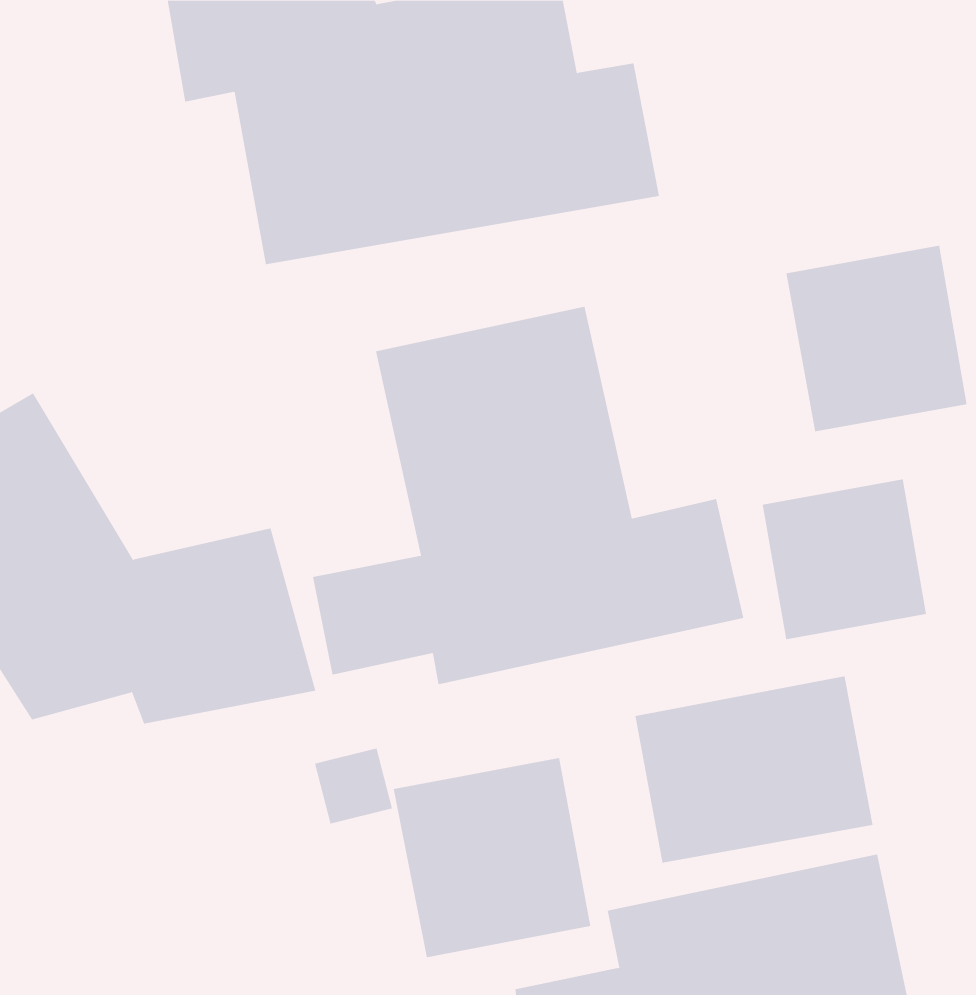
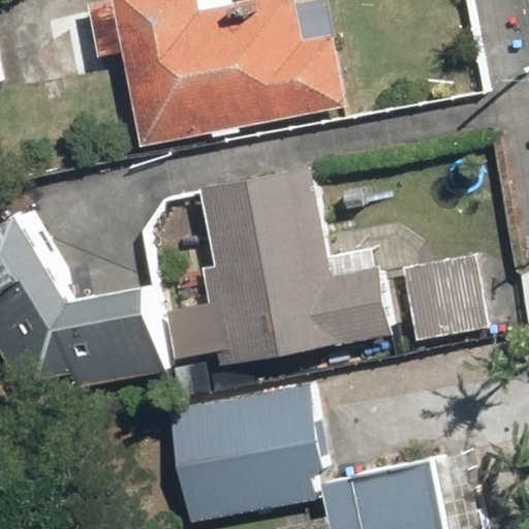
building: [786,245,967,432] -> none
building: [635,676,873,864] -> none

